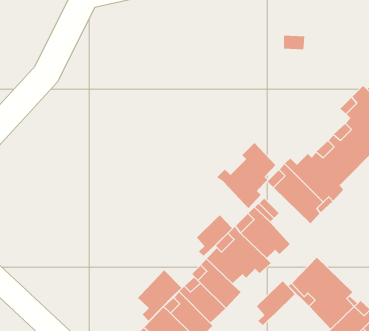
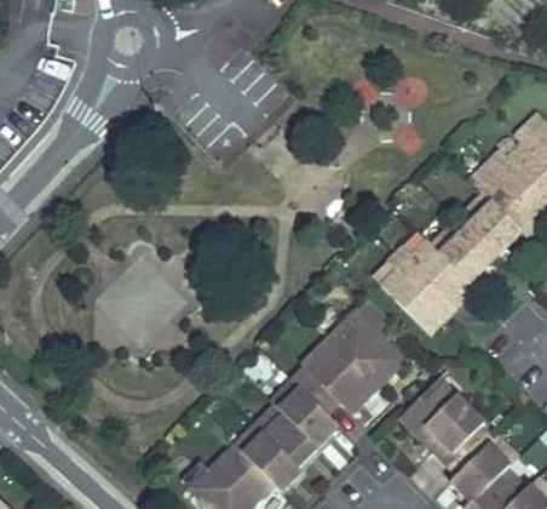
building: [216,142,276,209] -> none
building: [196,214,233,256] -> none
building: [137,269,182,322] -> none
building: [256,281,296,326] -> none

